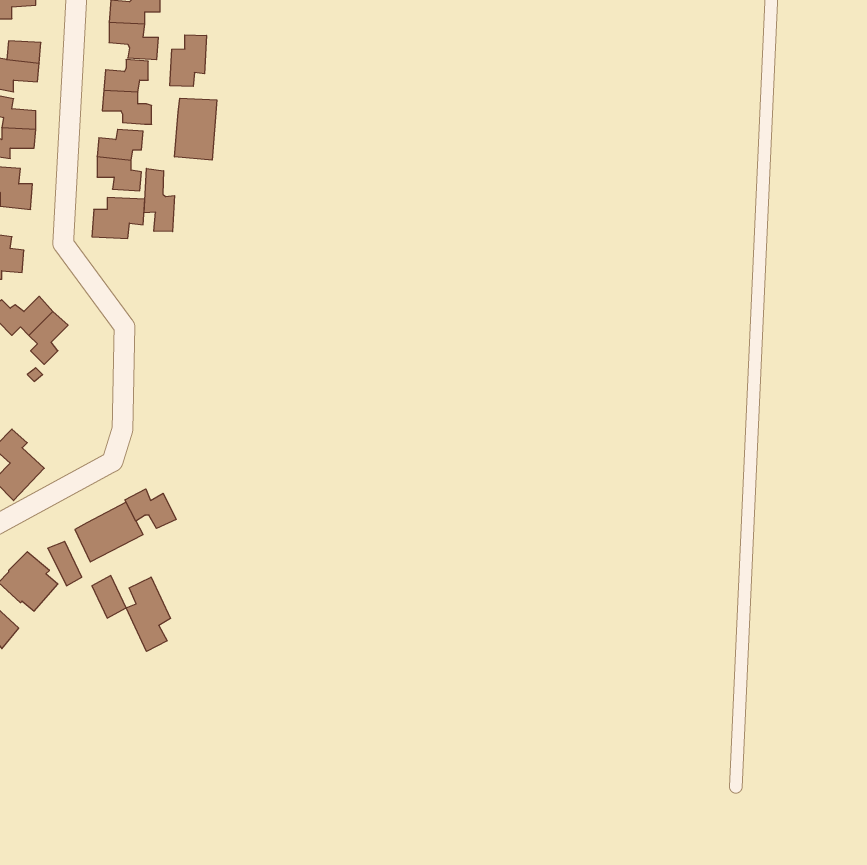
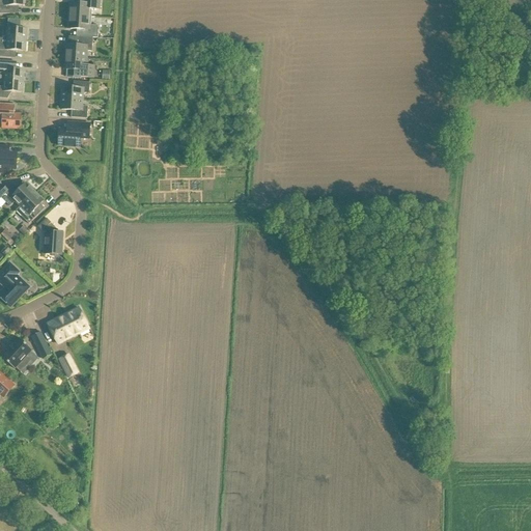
building: [170,35,206,86] -> none
building: [175,98,217,160] -> none
building: [144,168,174,232] -> none
building: none -> [35,216,61,253]
building: [125,489,176,528] -> none
building: [126,577,171,651] -> none

